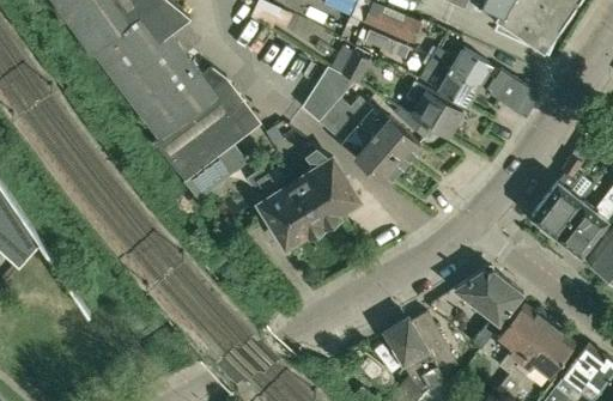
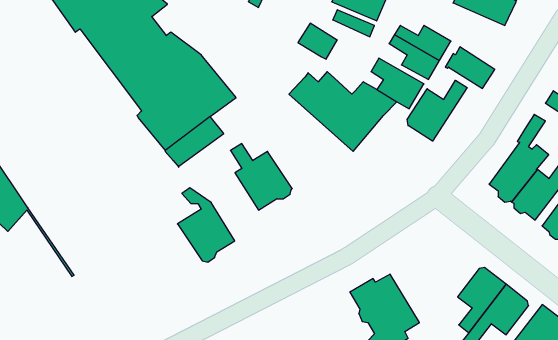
building: [302,66,353,121] -> none
building: none -> [407,80,467,141]
building: [296,144,357,223] -> [177,188,235,262]
building: [454,267,523,348] -> none

